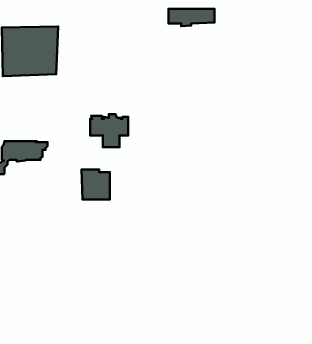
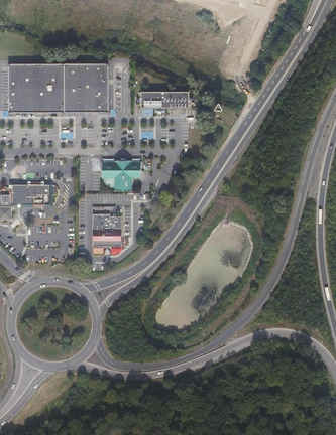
building: [169,9,214,26] -> [140,93,188,111]
building: none -> [65,62,109,113]

